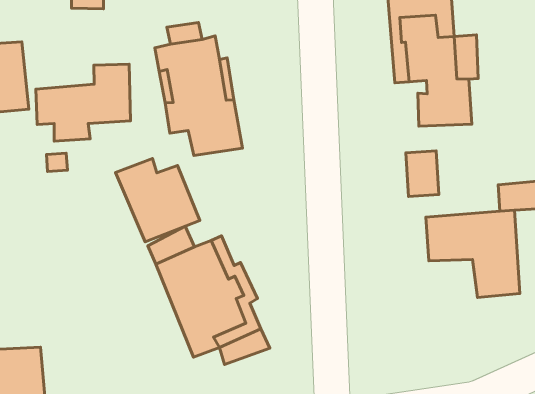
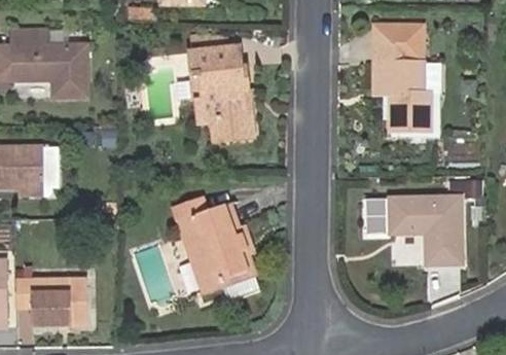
building: [36,64,131,141] -> none
building: [406,151,439,197] -> [366,199,390,233]
building: [116,159,200,242] -> none

